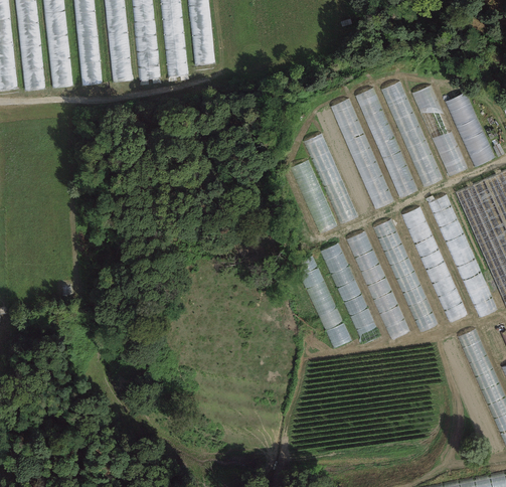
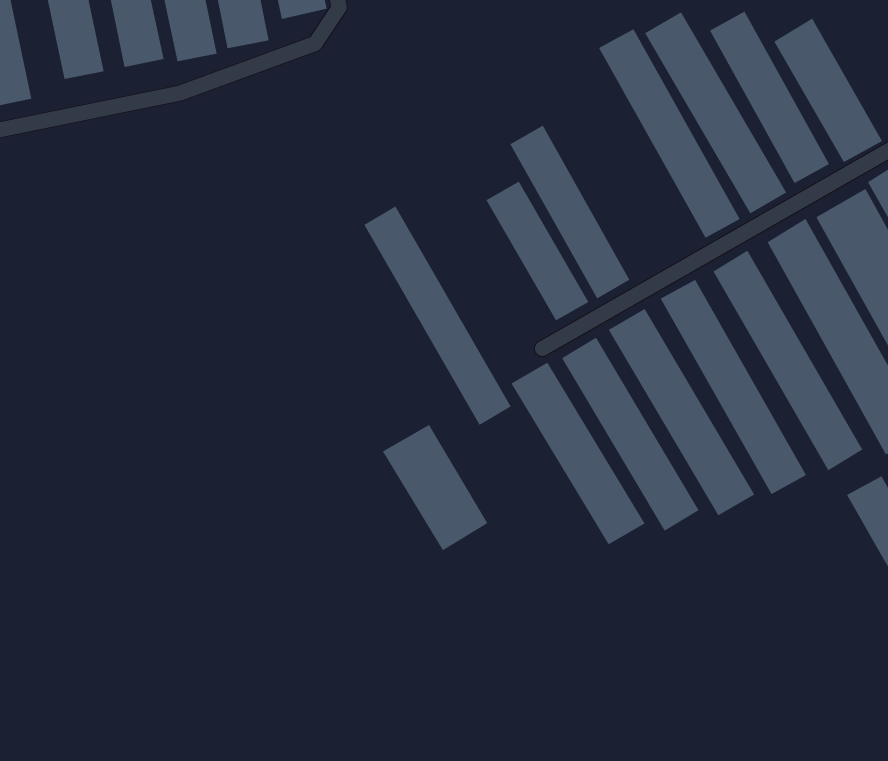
building: [331,98,395,209] -> none
building: none -> [363,206,512,426]
building: none -> [382,424,488,551]

